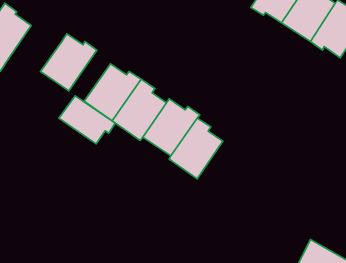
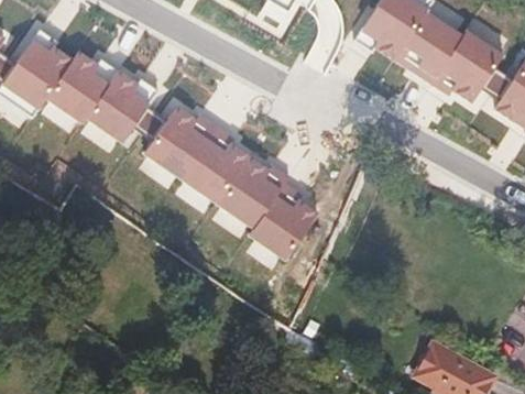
building: none -> [44,56,111,127]
building: [59,96,115,144] -> none

